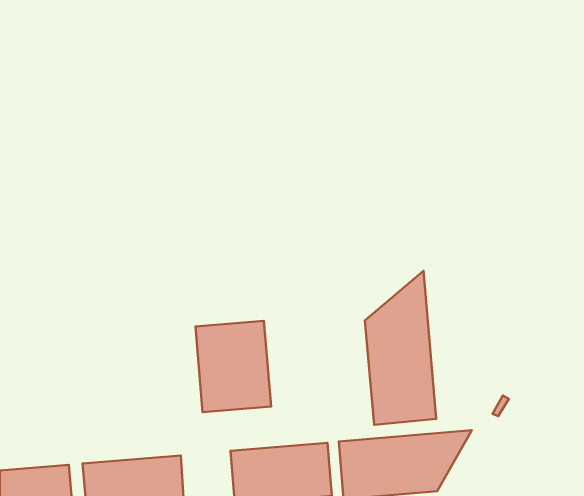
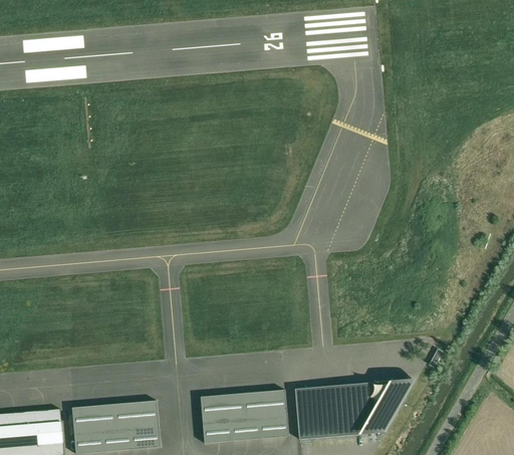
building: [365,271,436,425] -> none
building: [195,321,271,412] -> none

